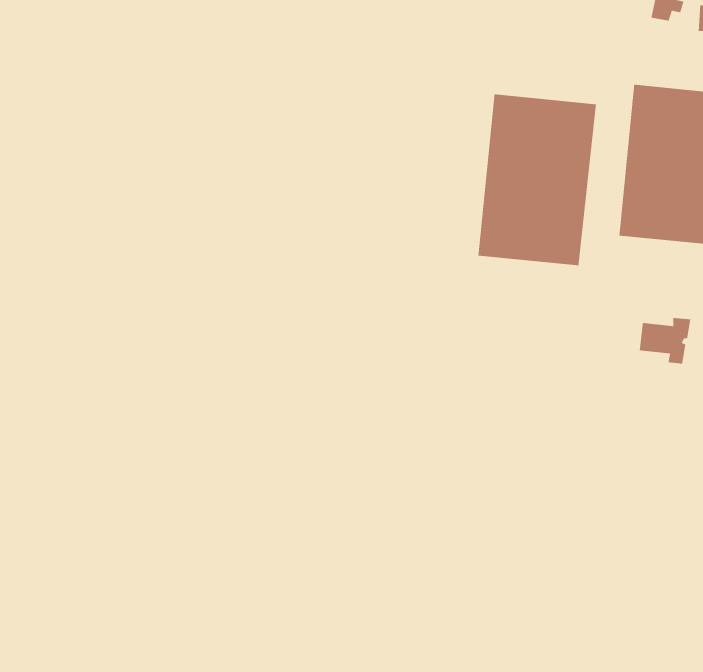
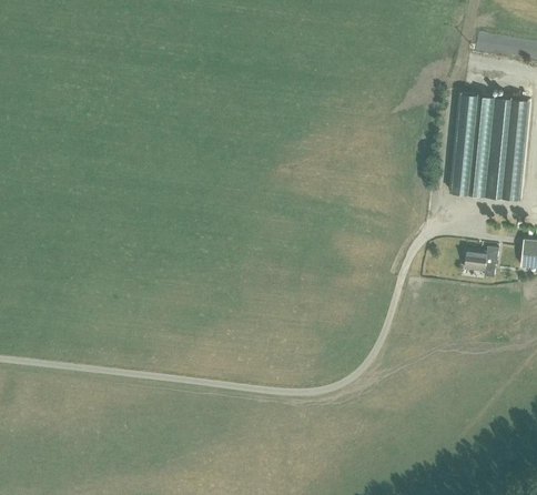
building: [477,93,597,266] -> none

